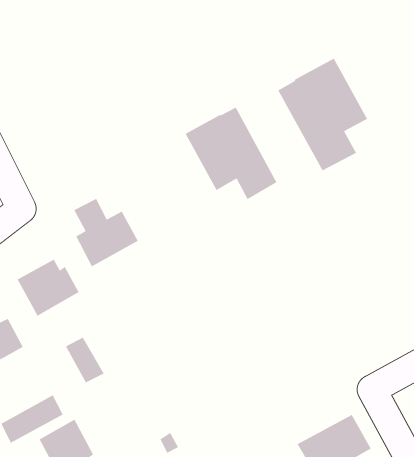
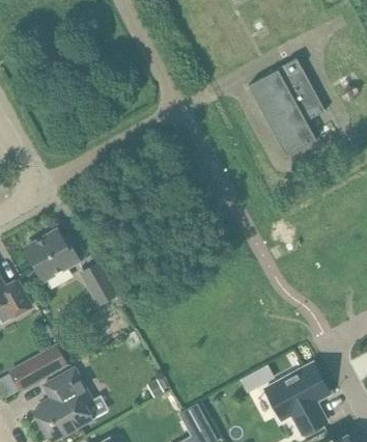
building: [185,107,277,200] -> none
building: [73,198,139,267] -> none
building: [65,336,105,384] -> [82,264,116,304]

